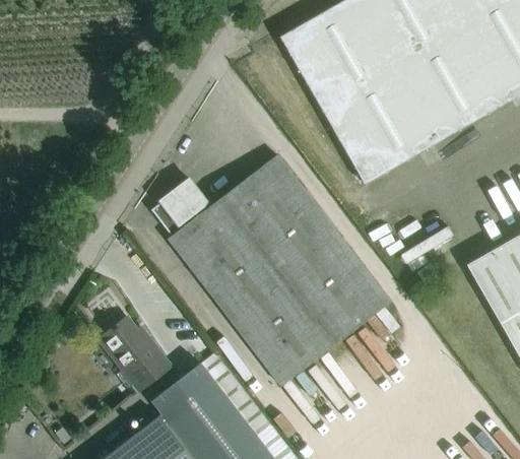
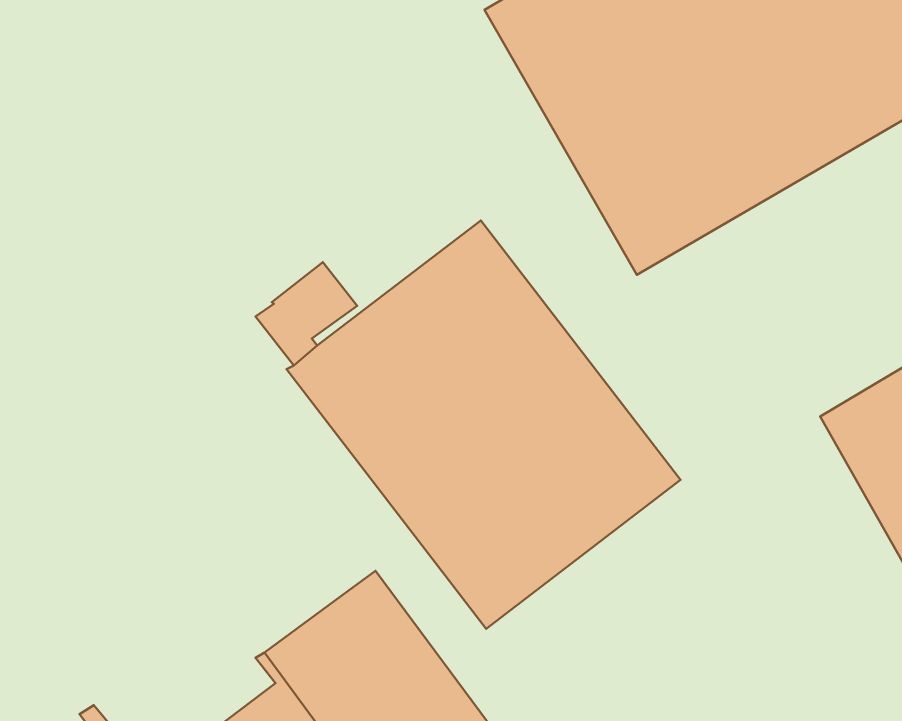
building: [100,318,171,396] -> none

